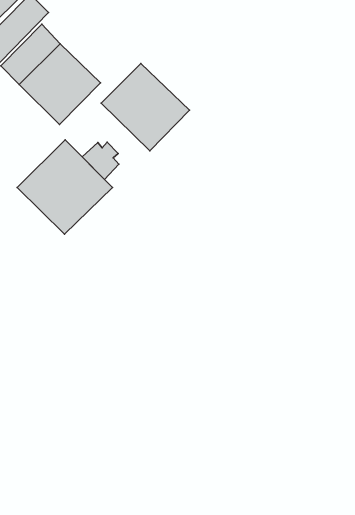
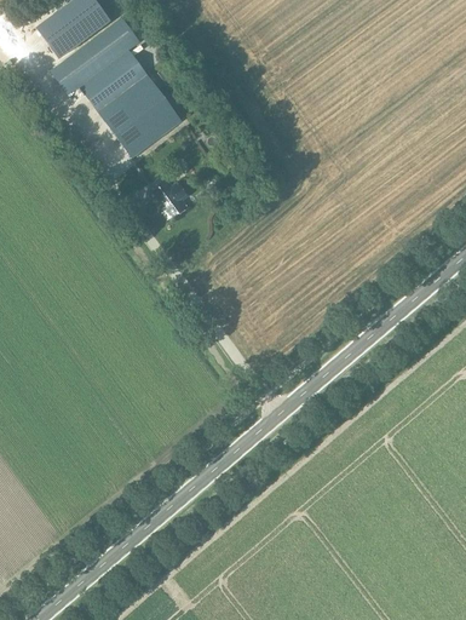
building: [101,64,189,151] -> none
building: [17,140,112,234] -> none

